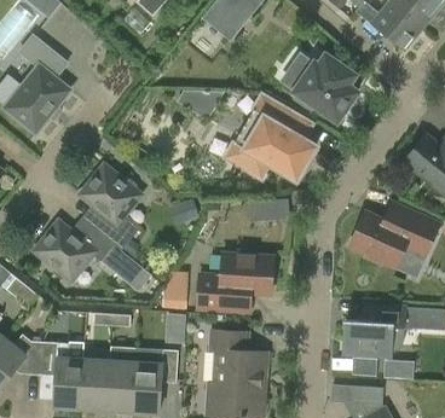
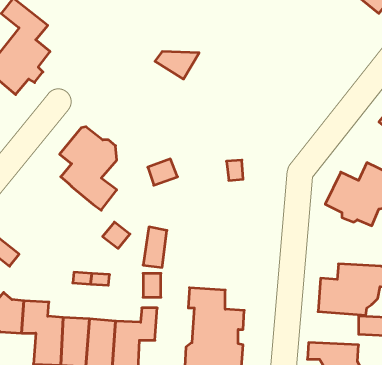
building: [294,53,358,121] -> none
building: [226,100,317,179] -> none
building: [36,216,114,278] -> none
building: [197,250,273,310] -> none

